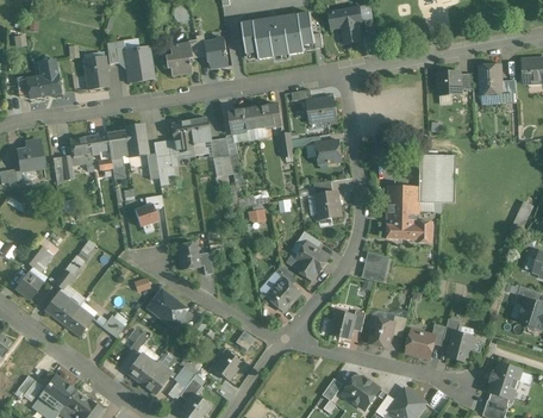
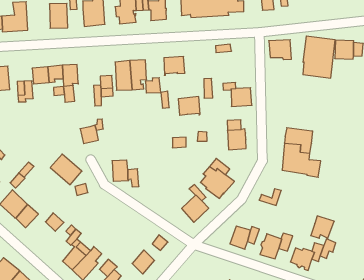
building: [306,98,336,123] -> [269,40,291,60]
building: [252,104,281,129] -> [178,97,200,115]
building: [123,124,146,154] -> none
building: [418,154,455,202] -> [303,36,335,78]
building: [146,289,186,326] -> [50,154,82,185]
building: [447,331,474,358] -> [311,216,334,238]

